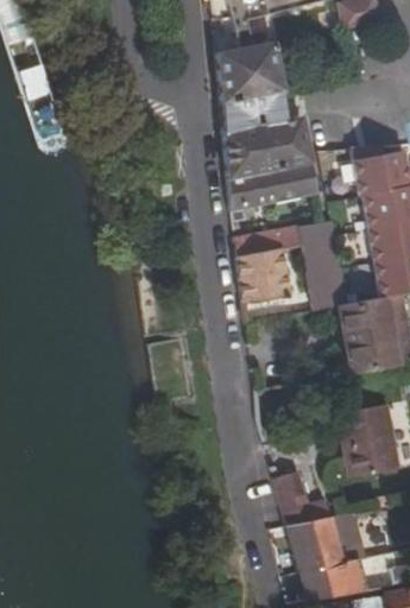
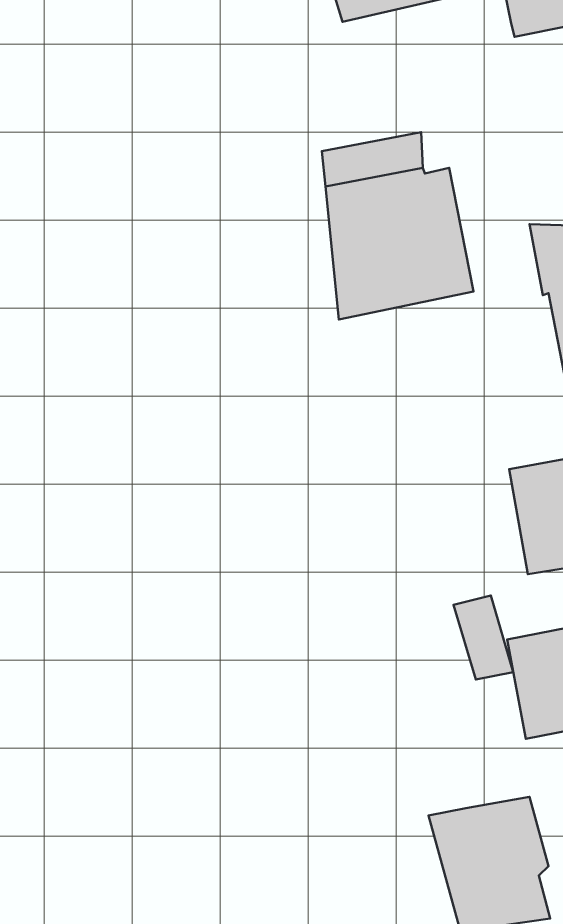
building: [215,42,283,103] -> none
building: [233,220,345,310] -> none
building: [273,471,311,525] -> [453,595,513,680]

